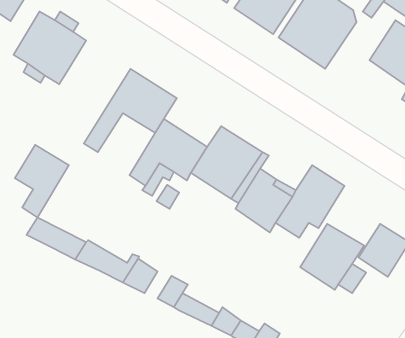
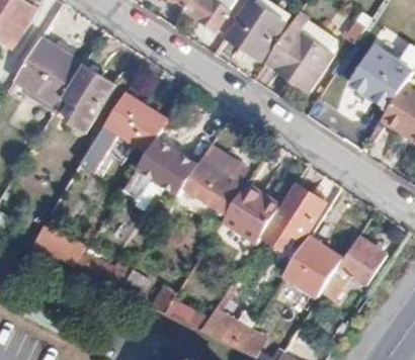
building: [15,145,69,217] -> [65,65,115,132]

